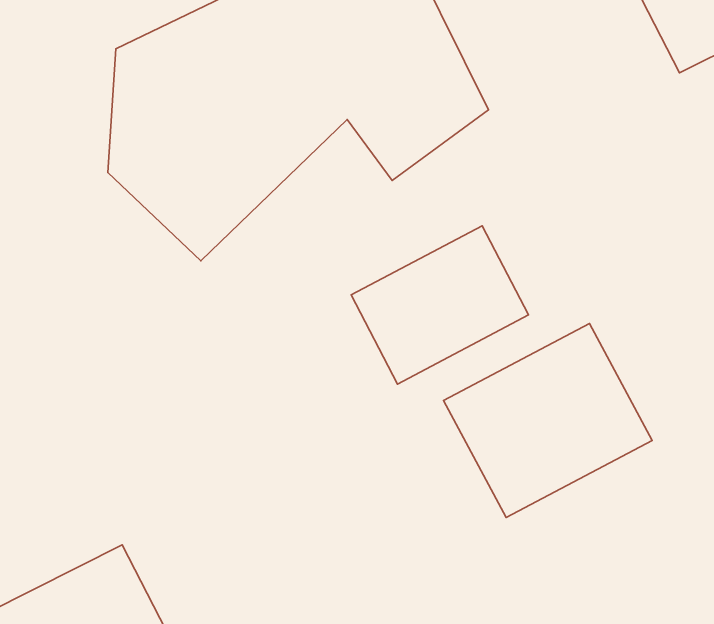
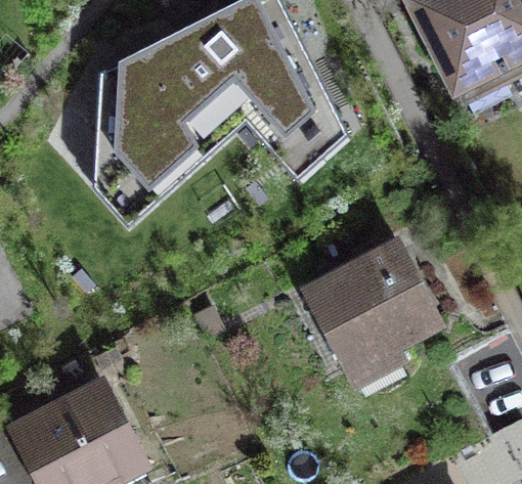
building: [351,226,529,384] -> none

